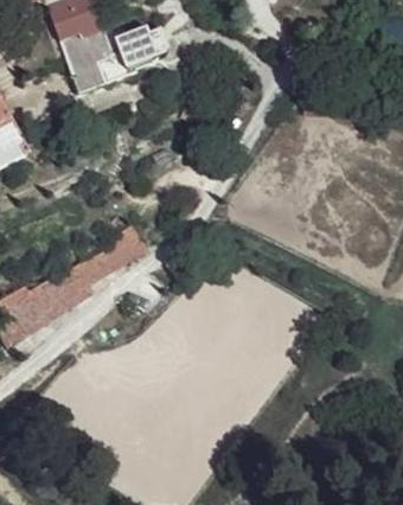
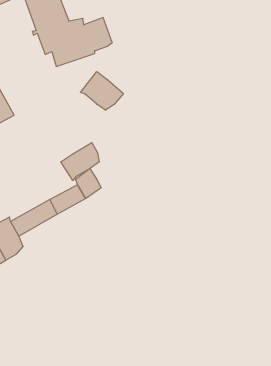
building: none -> [80,72,123,110]
building: none -> [61,143,99,180]

